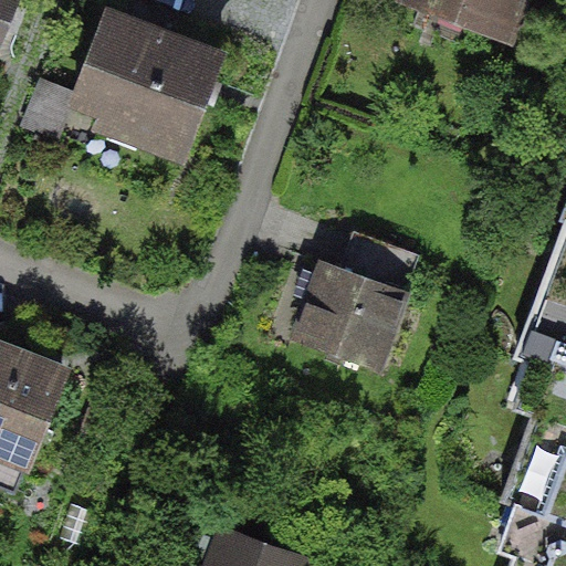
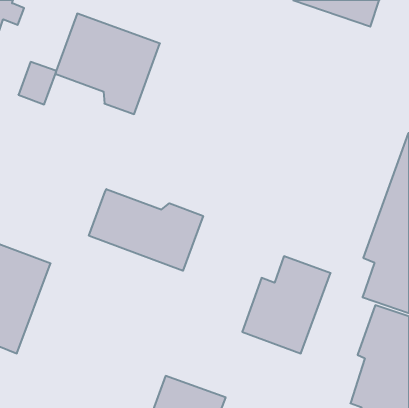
building: [296,237,418,370] -> [242,256,331,353]
building: none -> [89,189,203,271]

